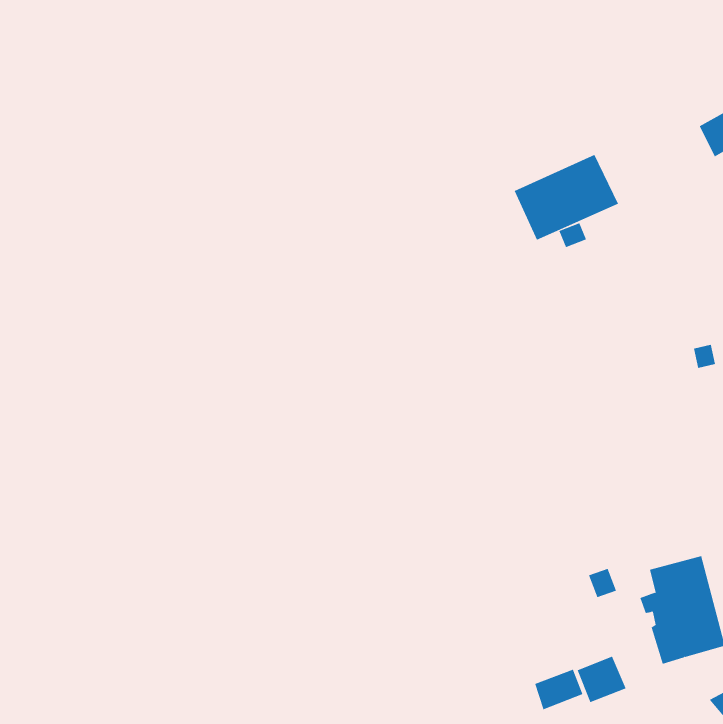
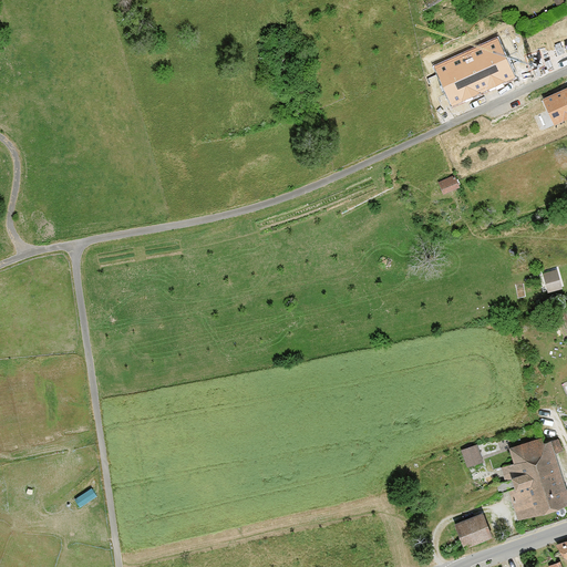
building: [514,154,619,241] -> [435,39,517,106]
building: [534,669,583,710] -> none

